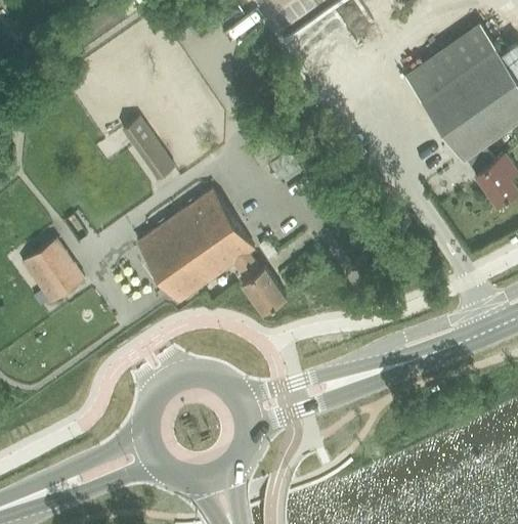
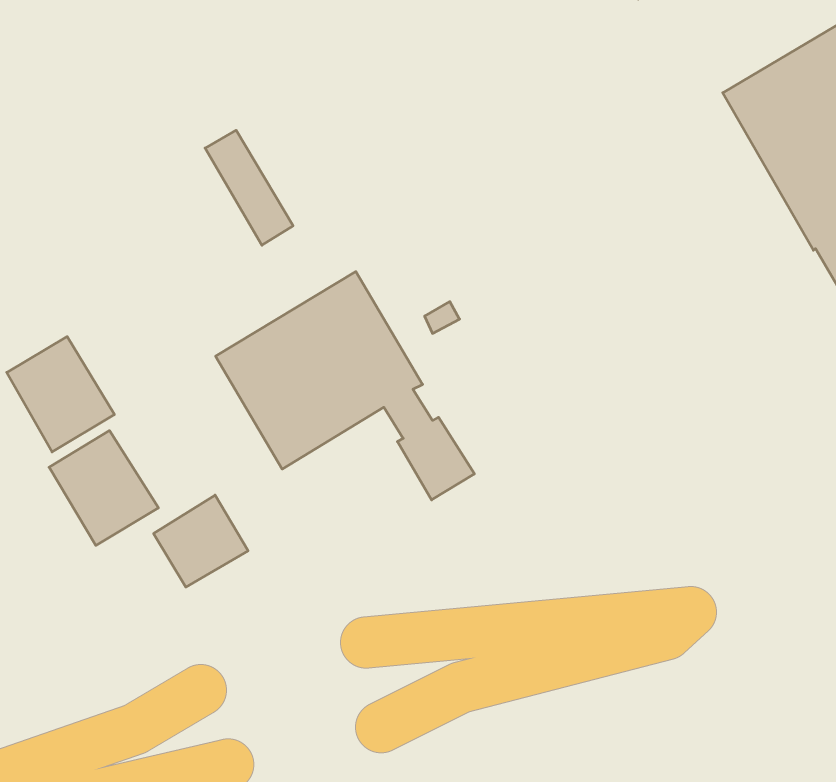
building: none -> [49,431,158,545]
building: none -> [154,495,248,587]

